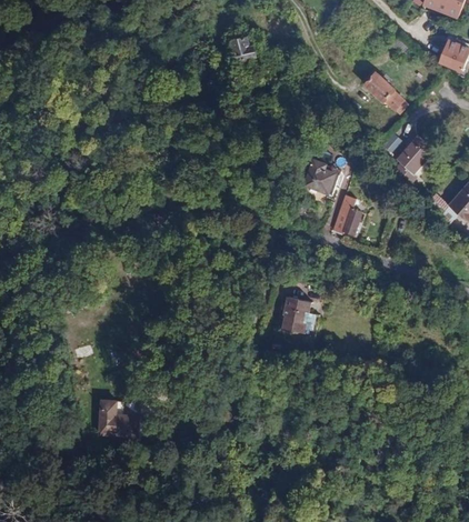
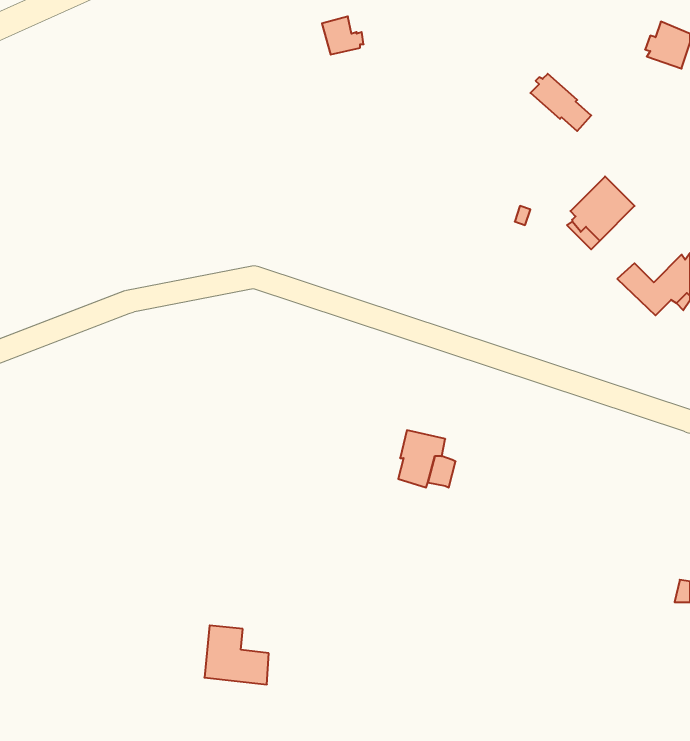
building: [306,164,335,199] -> none
building: [332,192,361,232] -> none
building: [97,396,138,434] -> [204,625,269,684]

